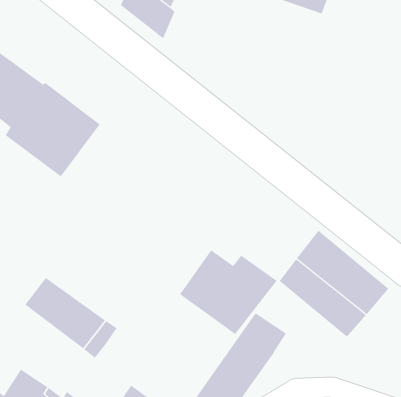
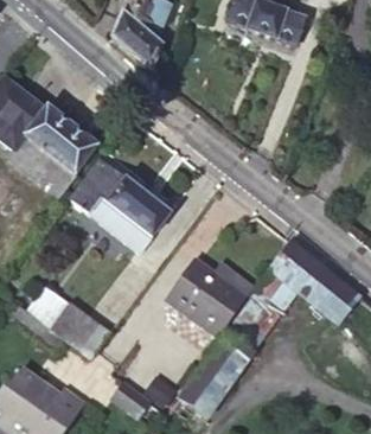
building: none -> [71,161,169,253]

